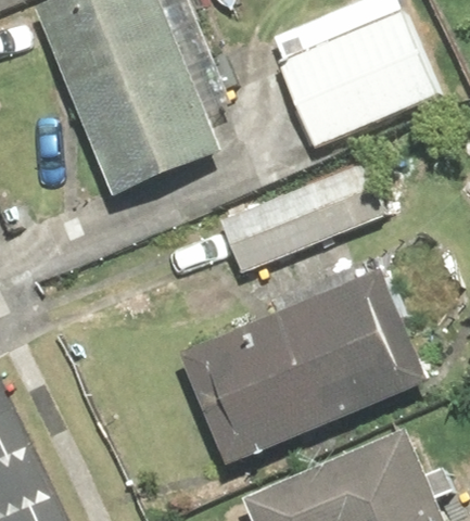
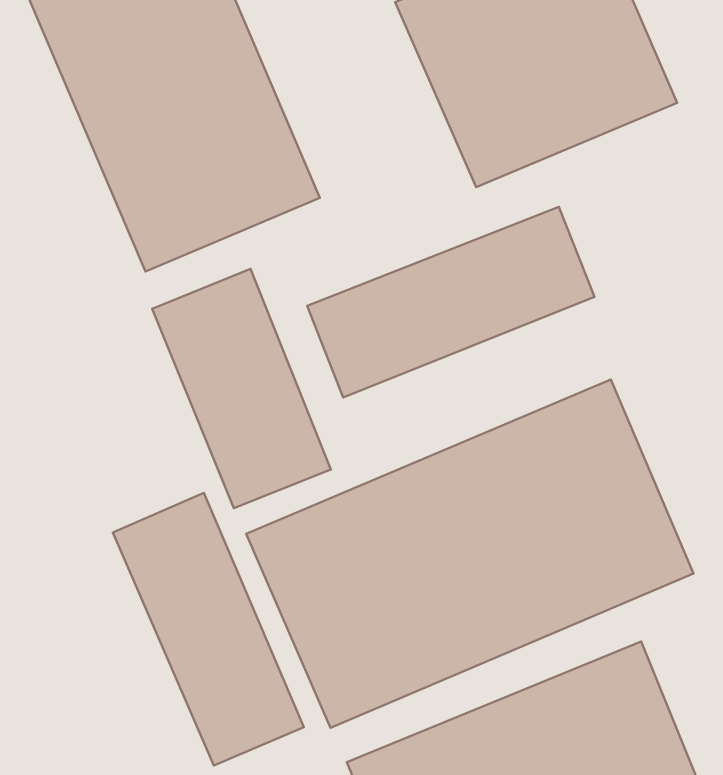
building: none -> [152,269,331,508]
building: none -> [113,493,304,766]

